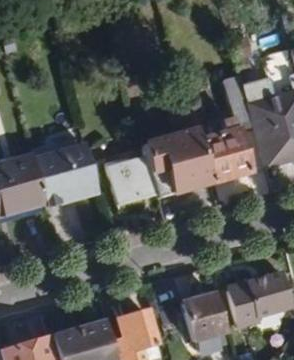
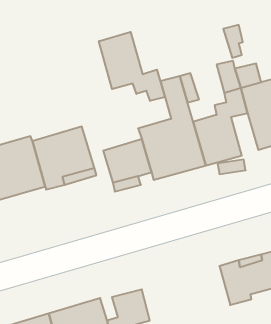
building: none -> [99,32,165,101]
building: [183,291,227,338] -> none

